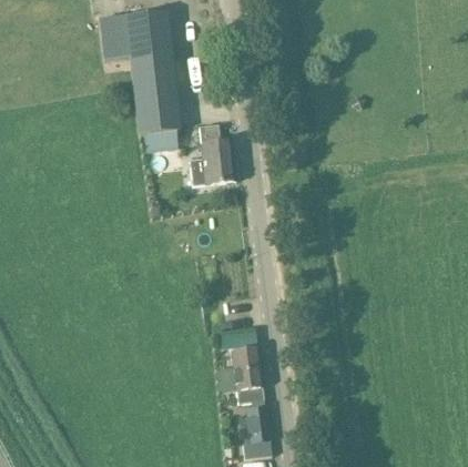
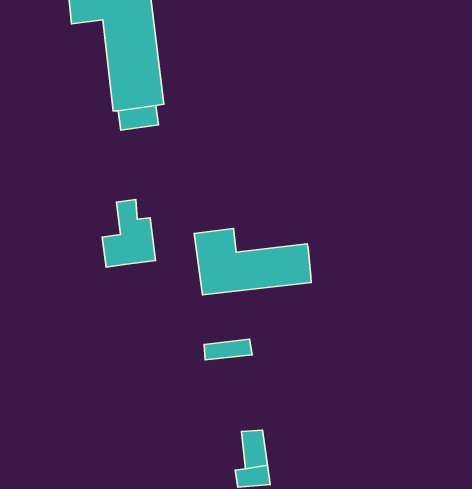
building: [189,123,234,181] -> [102,200,155,267]
building: none -> [194,228,311,295]
building: [232,344,264,400] -> none

